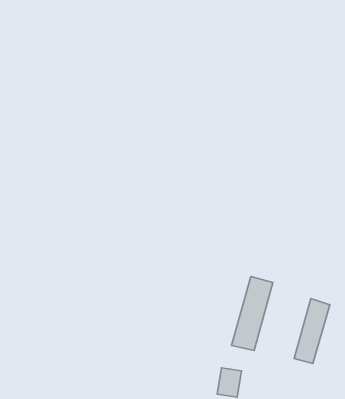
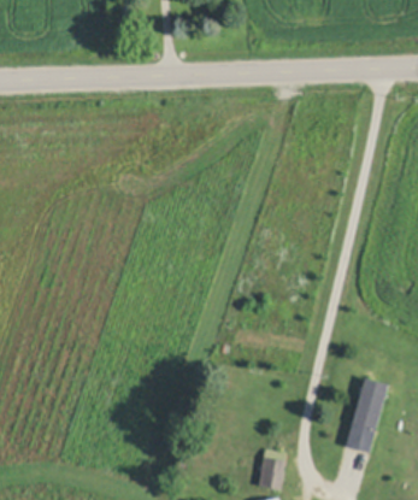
building: [232,276,273,351] -> none

